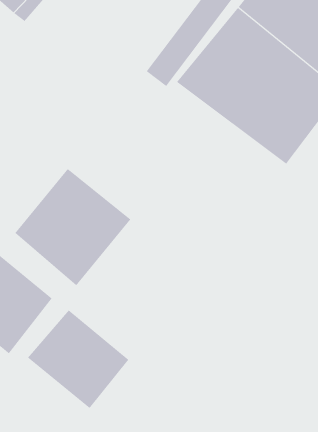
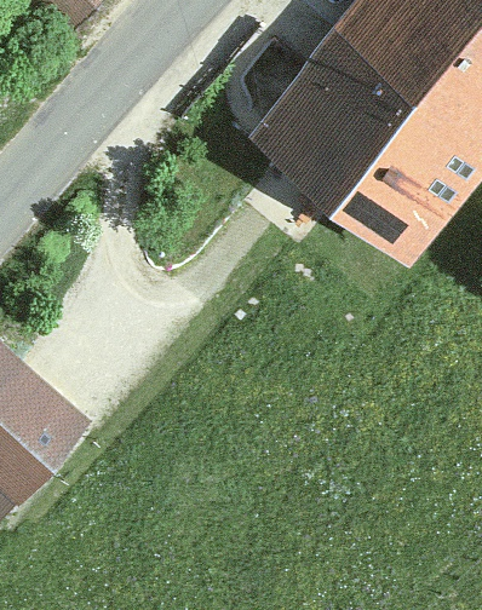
building: [14,168,131,286] -> none
building: [27,310,129,409] -> none

